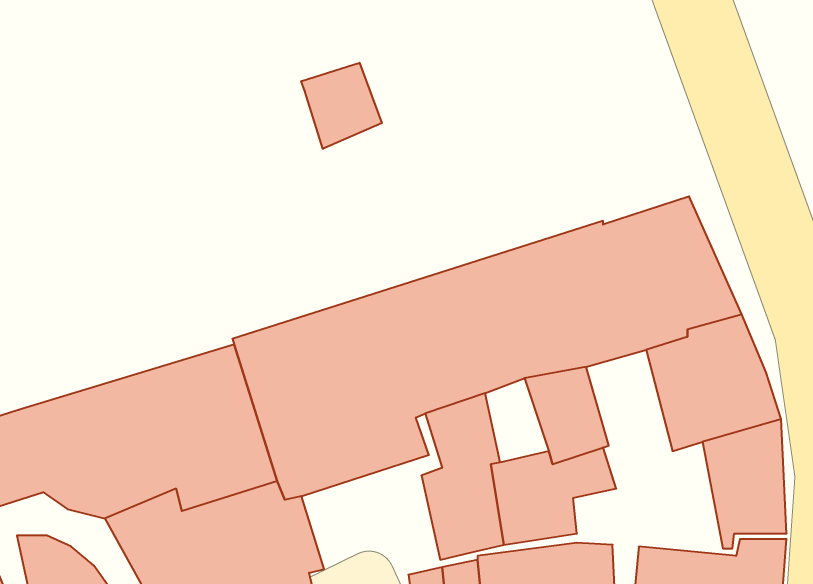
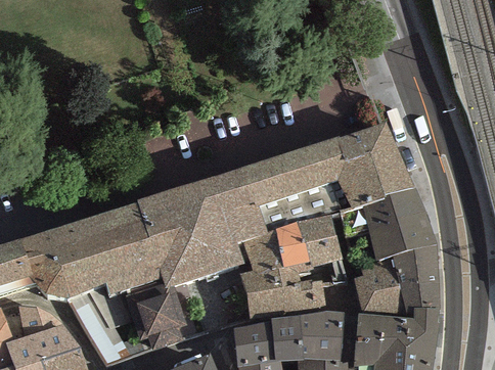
building: [301,63,382,149] -> none
building: none -> [274,222,309,268]
building: none -> [353,257,404,315]

